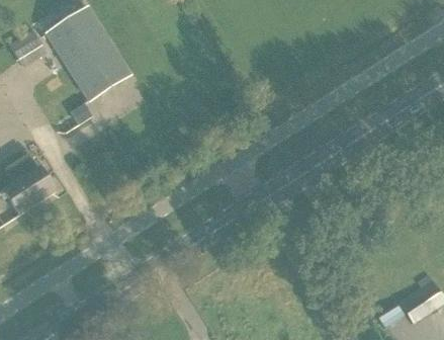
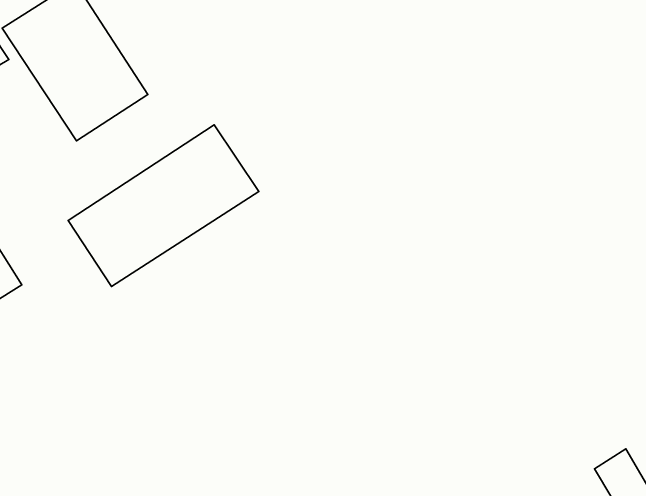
building: none -> [68,125,259,286]

